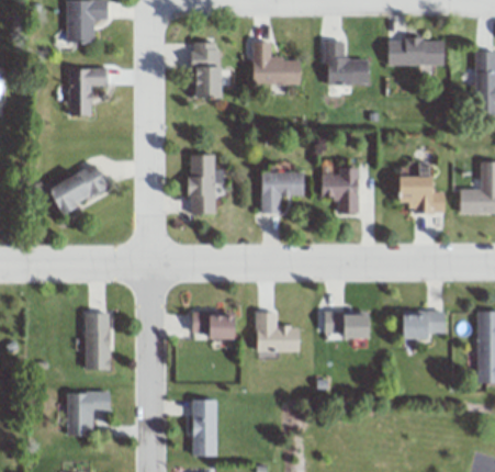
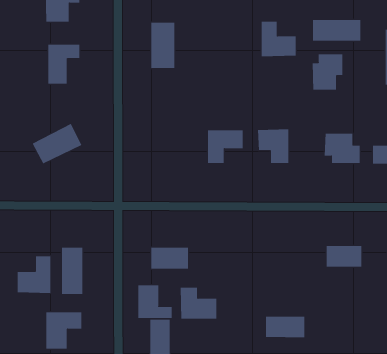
building: [252,41,301,83] -> none
building: none -> [312,53,343,91]
building: [190,155,214,214] -> none
building: [324,312,372,338] -> [265,316,305,338]
building: [255,313,300,351] -> [180,287,217,319]
building: none -> [17,255,51,294]
building: none -> [138,285,172,319]

